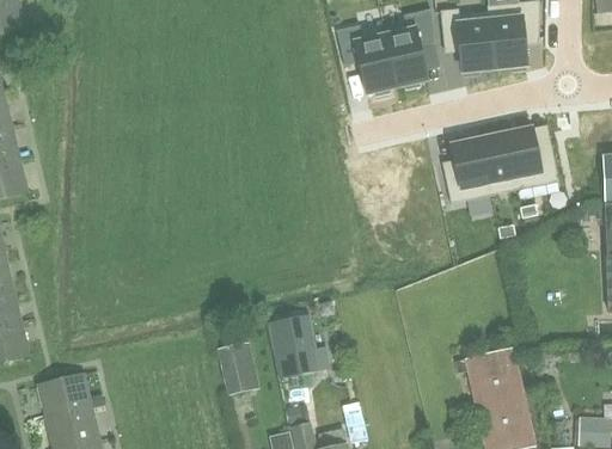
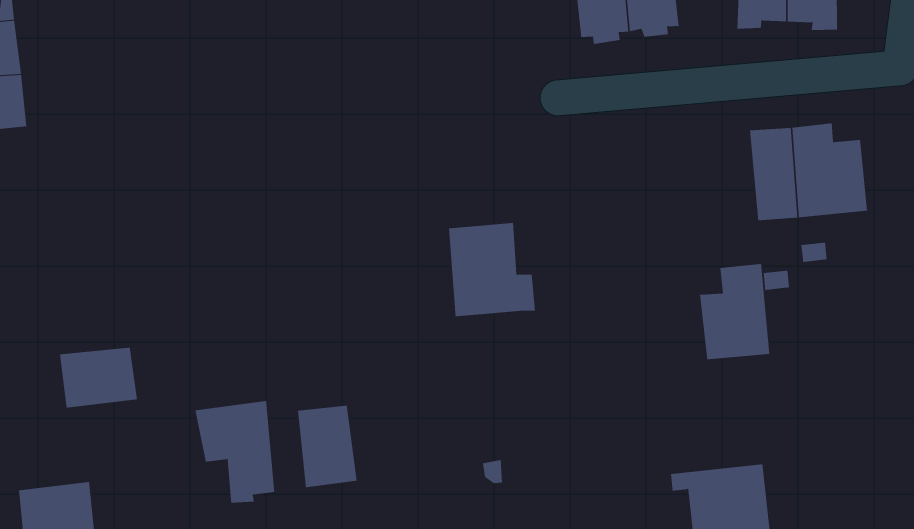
building: [441,139,490,203] -> [699,263,770,360]
building: [271,314,332,377] -> [448,222,536,317]
building: none -> [195,400,275,503]
building: [39,375,92,418] -> [59,347,138,408]

